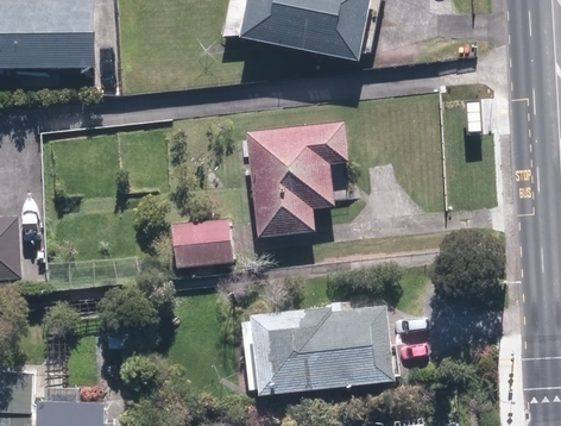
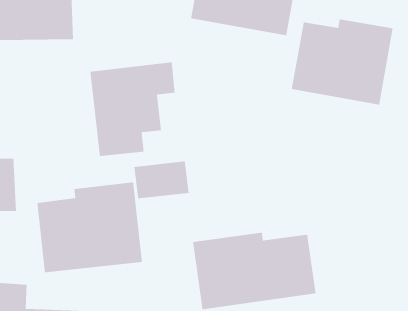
building: none -> [291,18,394,106]
building: [244,119,349,237] -> [90,61,175,157]
building: none -> [37,181,143,273]

